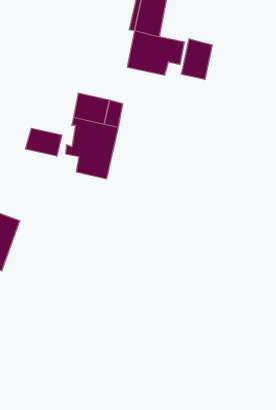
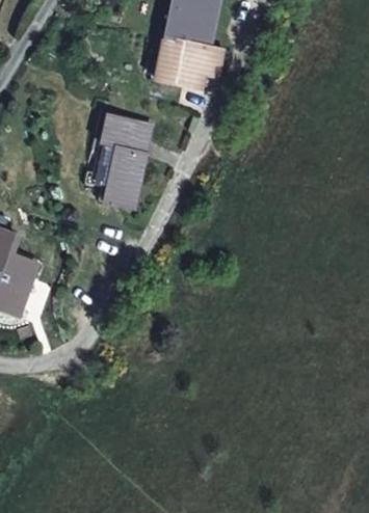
building: [182,39,212,80] -> none
building: [26,128,62,156] -> none

